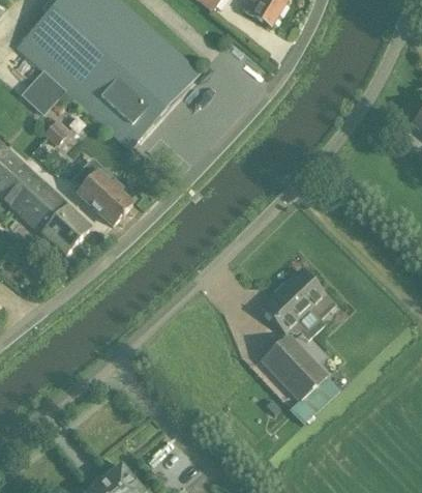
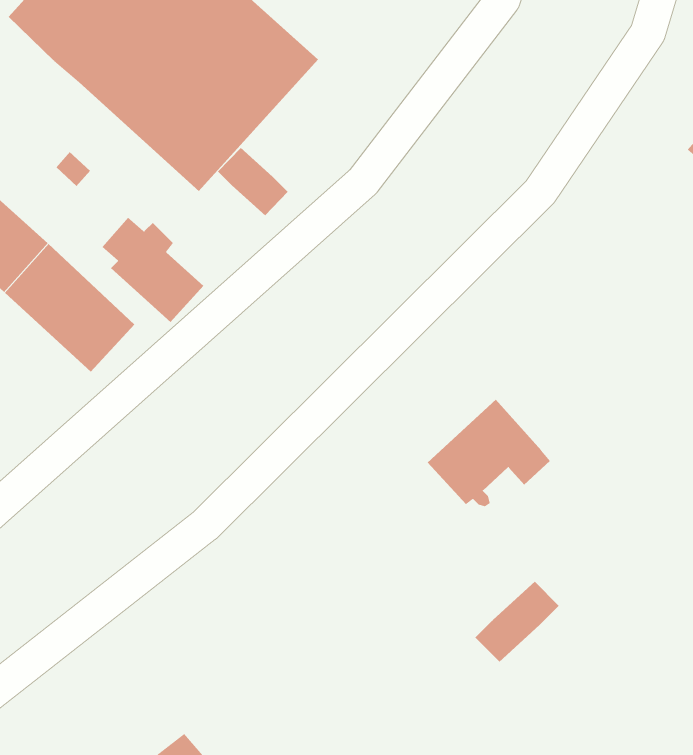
building: [23,71,59,108] -> none
building: none -> [217,147,289,216]
building: [262,334,327,399] -> none

